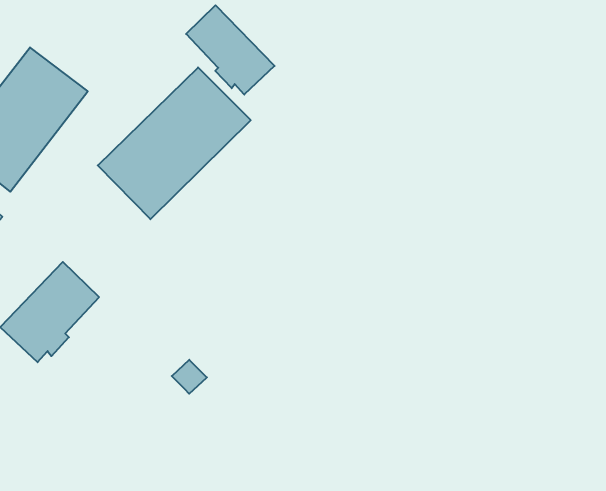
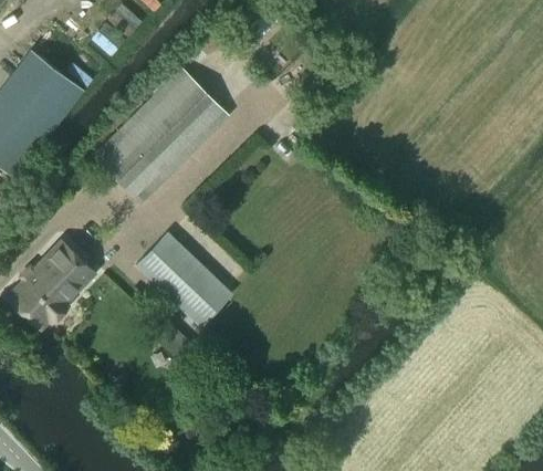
building: [186,5,275,95] -> none
building: none -> [136,232,232,326]

